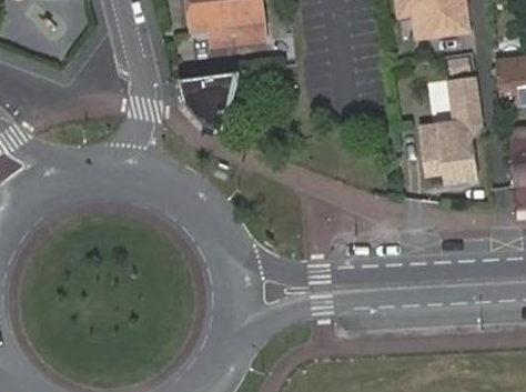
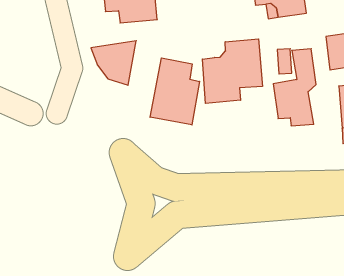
building: none -> [202,39,262,103]
building: none -> [150,58,200,125]

